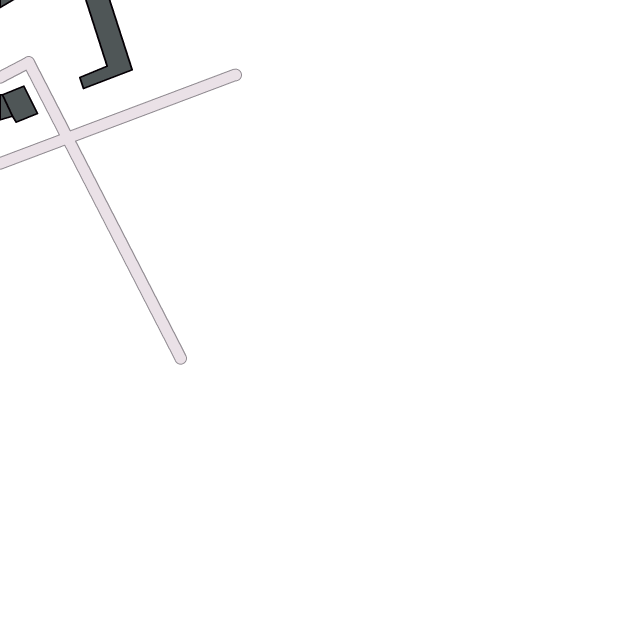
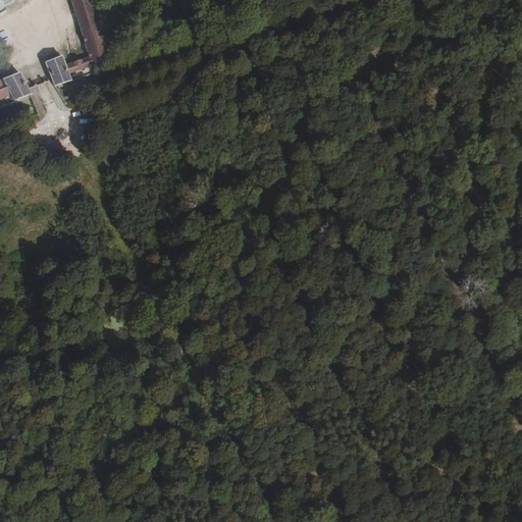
building: none -> [45,54,70,85]

